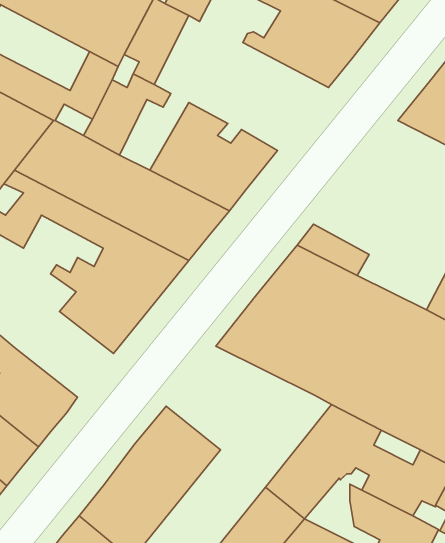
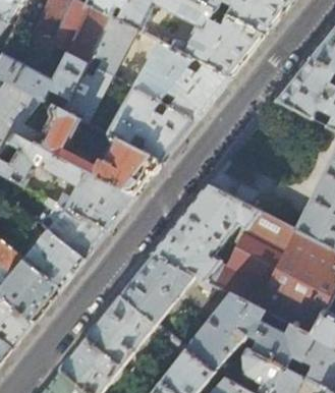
building: none -> [133,42,228,120]
building: none -> [15,224,82,287]
building: none -> [118,252,219,323]

